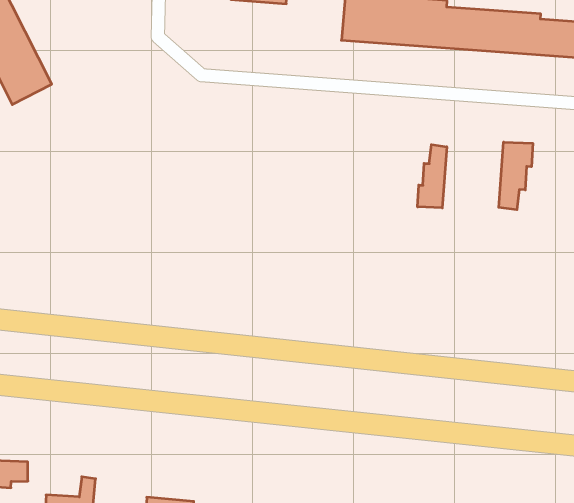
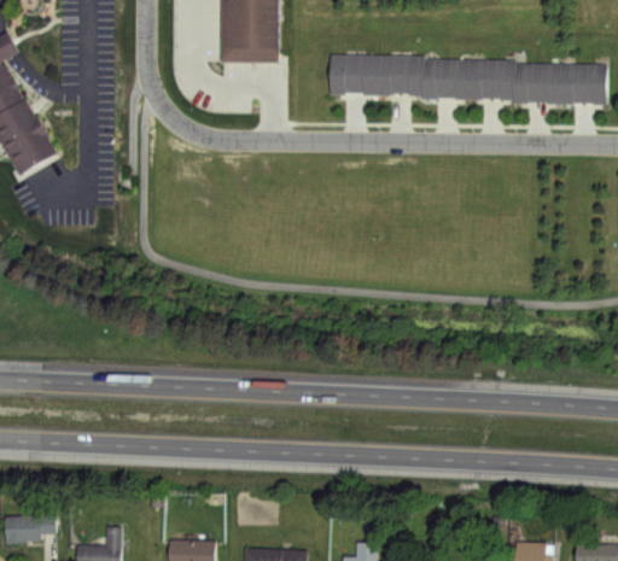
building: [499,142,533,210] -> none
building: [418,145,447,208] -> none

